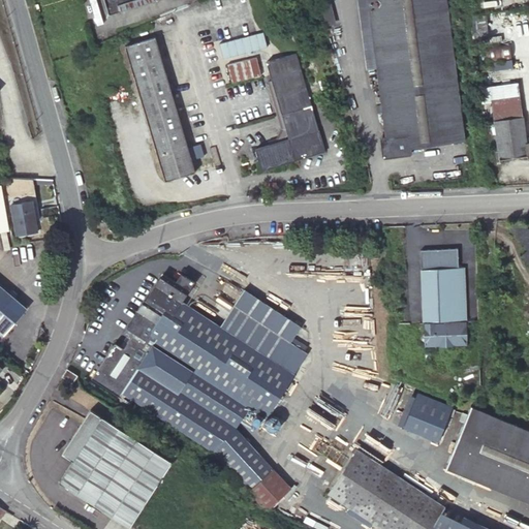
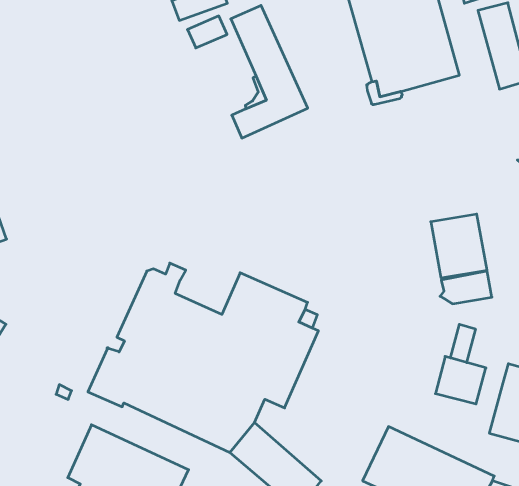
building: [125,37,194,181] -> none
building: [419,249,458,269] -> none
building: none -> [451,324,475,363]

